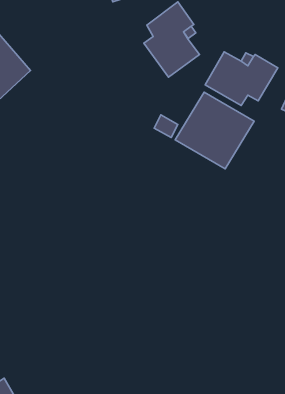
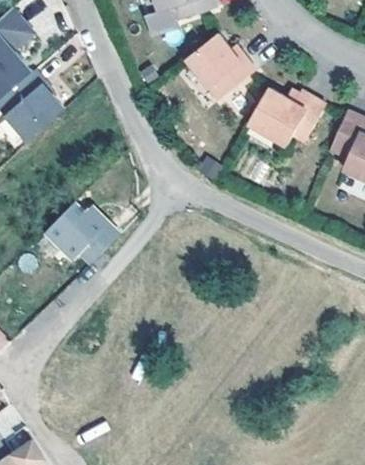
building: [175,92,254,169] -> none
building: none -> [47,200,120,260]

